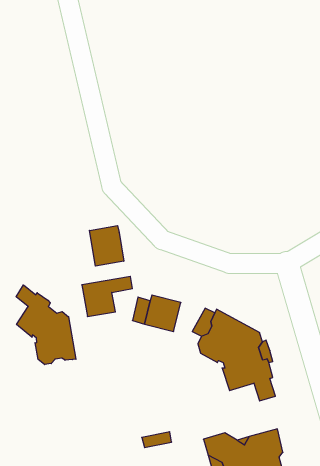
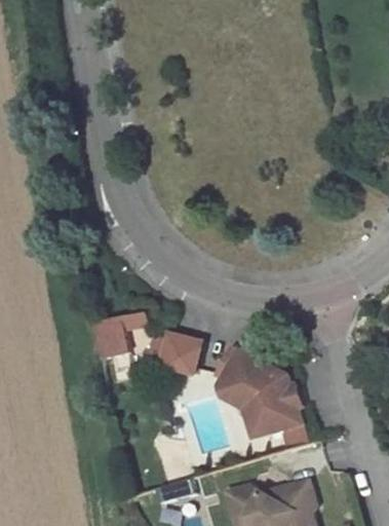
building: [89,226,124,266] -> none
building: [16,285,76,365] -> none

